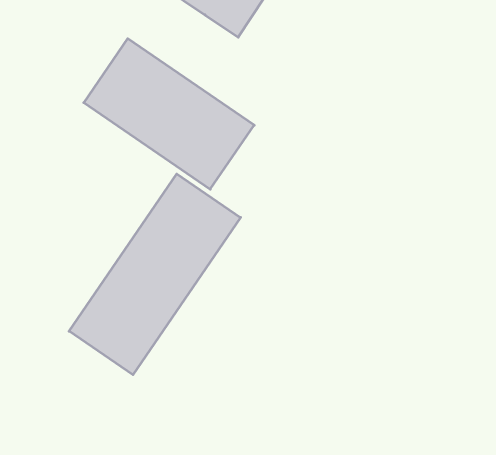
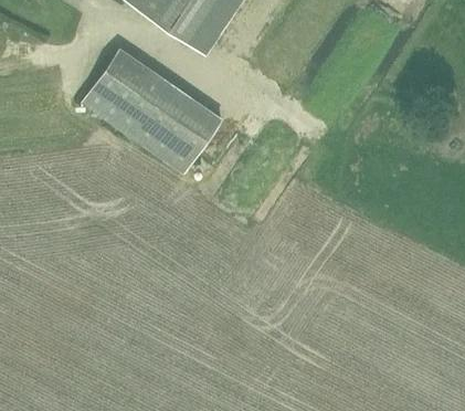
building: [69,174,241,375] -> none

